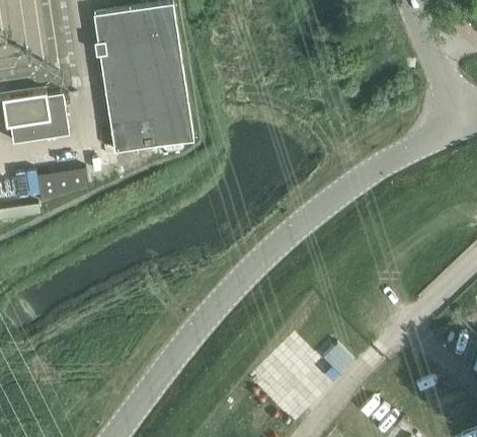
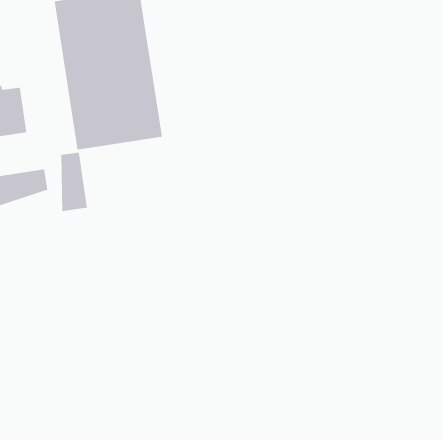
building: none -> [61,152,87,212]

